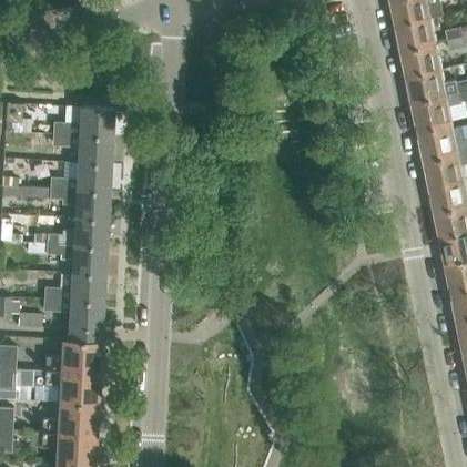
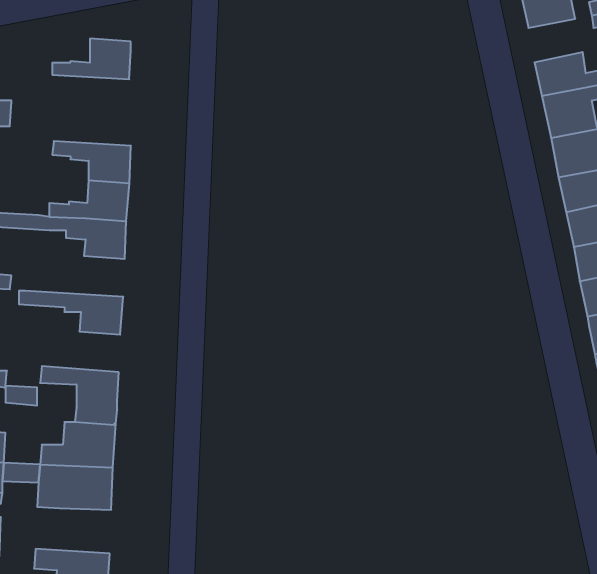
building: [402,43,441,75] -> none
building: [53,106,111,136] -> [52,39,131,79]
building: [32,217,105,247] -> none
building: [44,273,102,303] -> none
building: [40,403,95,436] -> none

